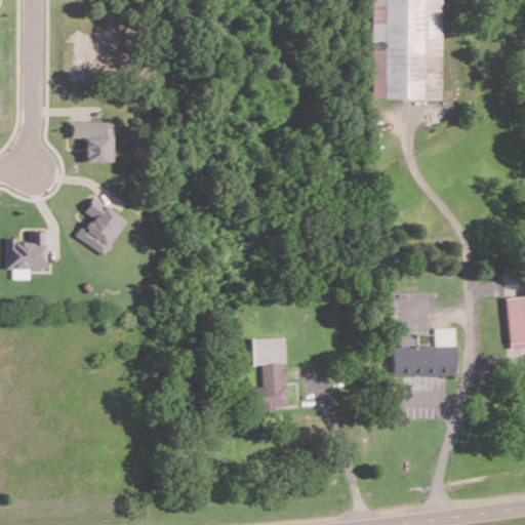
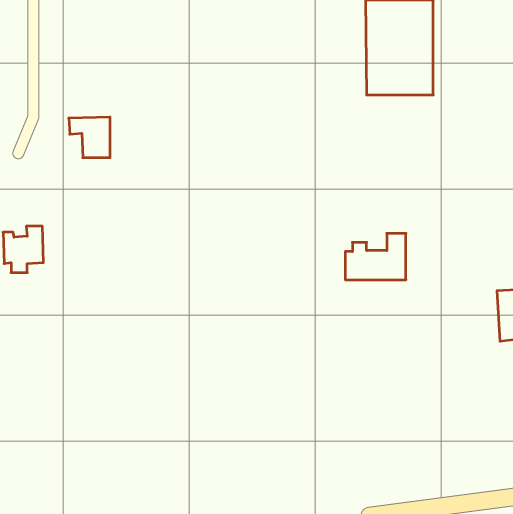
building: [77,198,127,255] -> none
building: [394,328,455,375] -> [345,233,406,280]
building: [248,337,288,414] -> none

